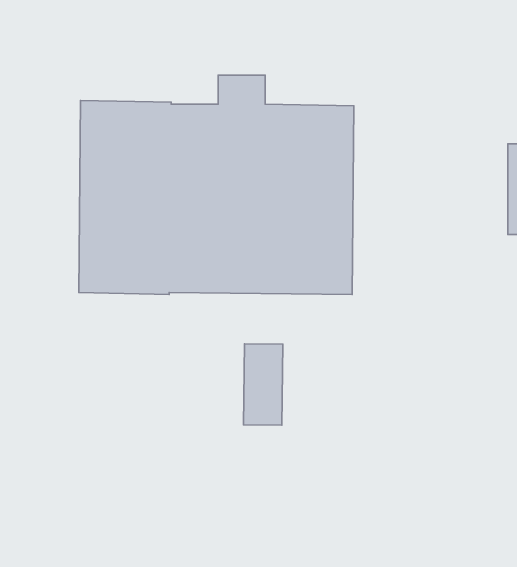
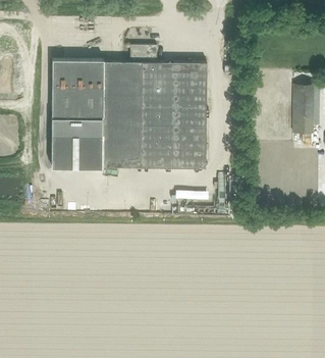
building: [244,344,283,425] -> none

